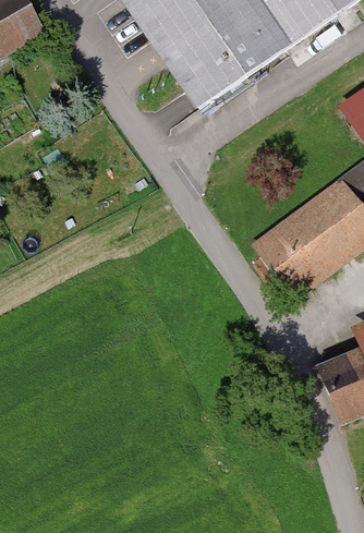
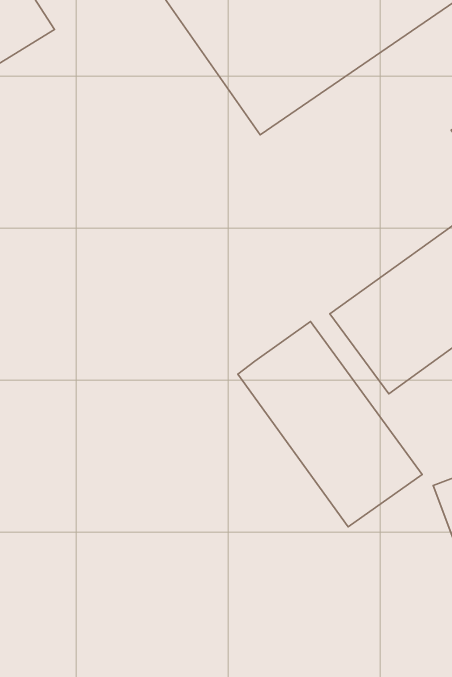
building: none -> [238,321,422,527]

